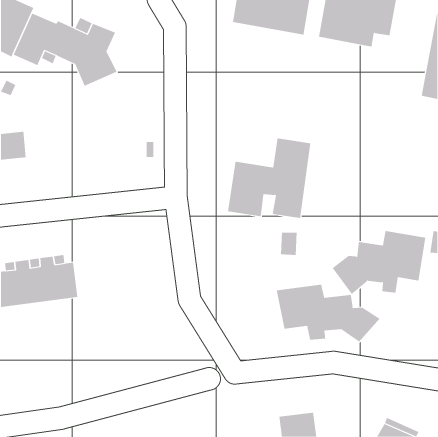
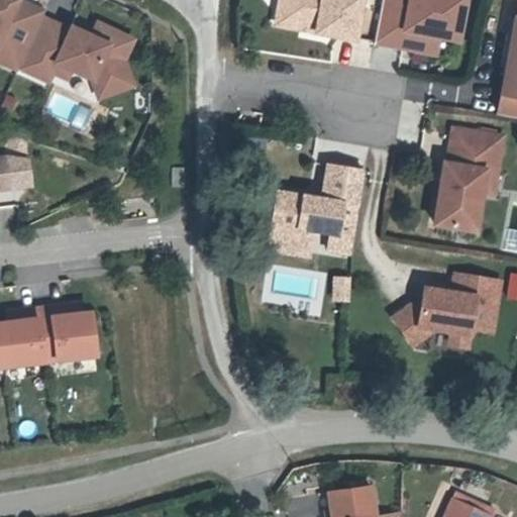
building: none -> [430,124,507,235]
building: [276,284,381,342] -> none

